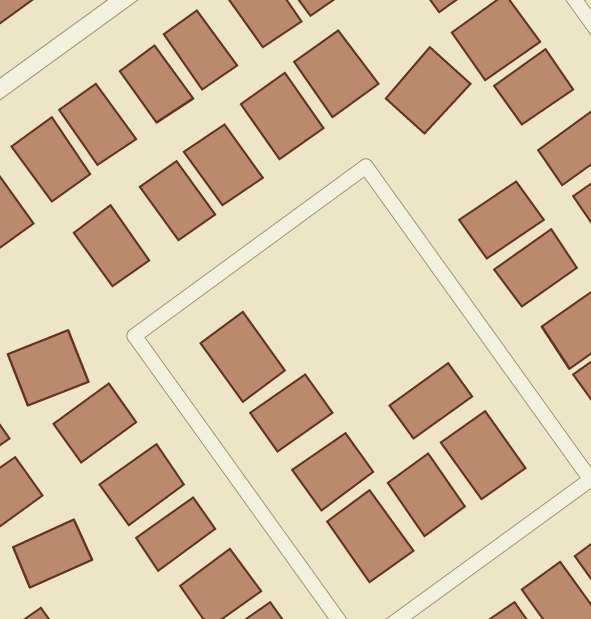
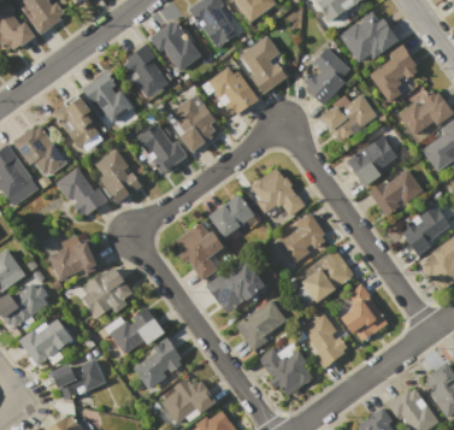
building: none -> [322,88,378,142]
building: none -> [59,165,107,217]
building: none -> [248,166,306,226]
building: none -> [208,193,254,236]
building: none -> [275,213,329,264]

